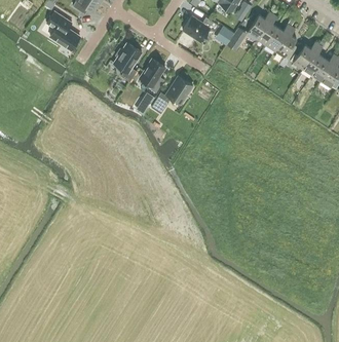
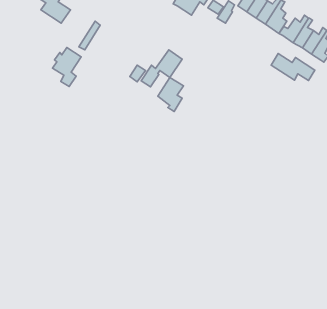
building: [113,42,142,81] -> [53,48,81,87]
building: [140,59,165,92] -> [158,78,183,111]
building: none -> [271,54,315,81]

